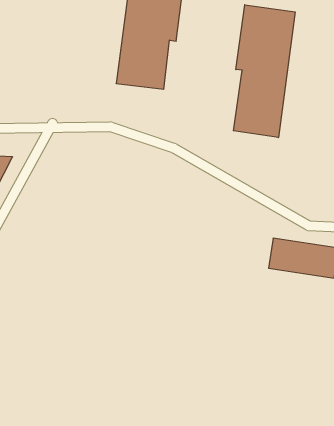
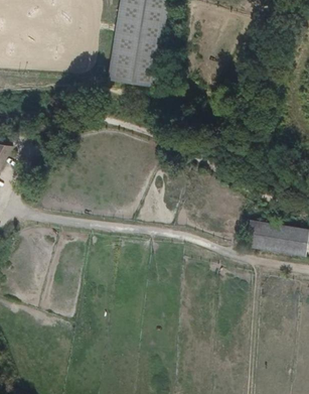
building: [233,5,295,138] -> none

